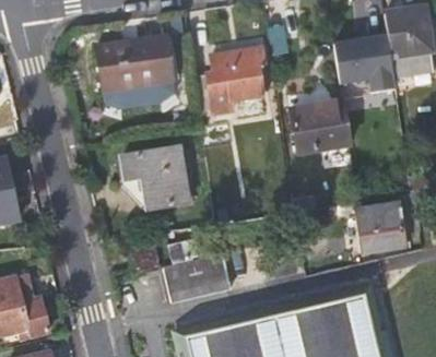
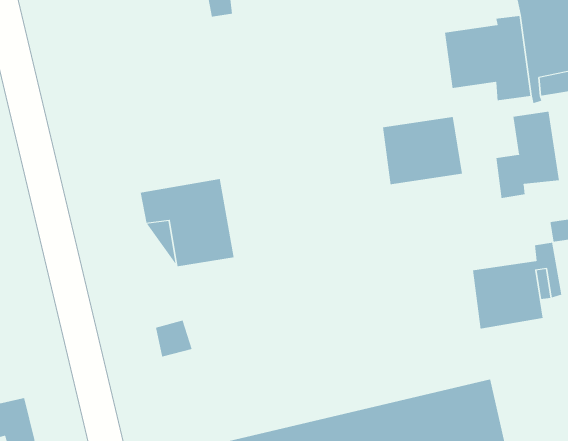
building: [94,36,179,119] -> none
building: [205,49,263,115] -> none
building: none -> [496,111,559,199]
building: [162,239,228,301] -> none

